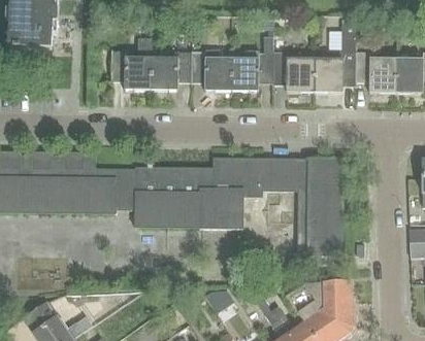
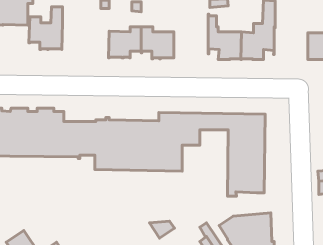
building: [231,36,273,91] -> none
building: [110,37,152,90] -> [29,7,63,50]
building: [355,52,396,93] -> none

